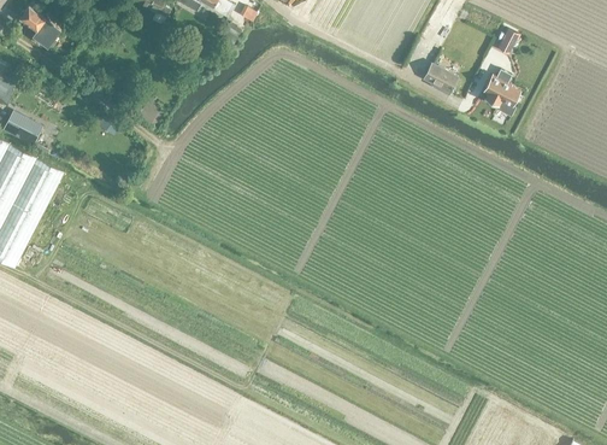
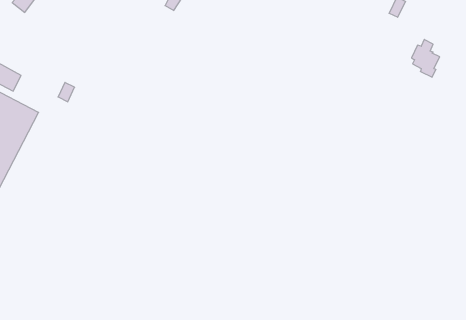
building: [423,63,459,94] -> none
building: [481,68,515,115] -> [412,39,440,77]

